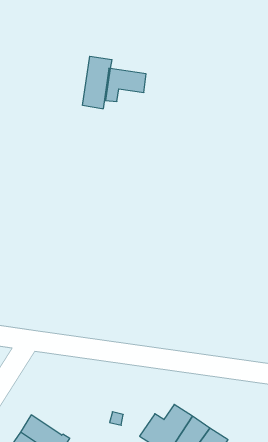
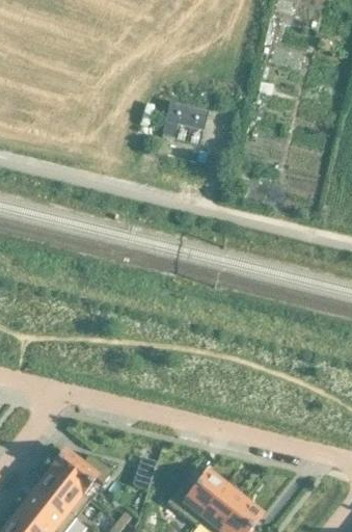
building: [83,56,112,109] -> none
building: none -> [50,449,113,493]

